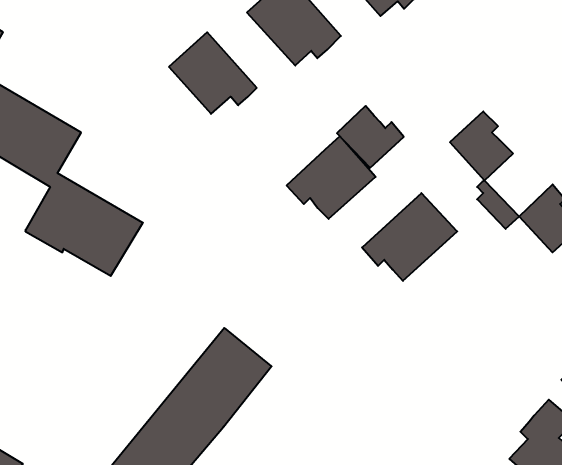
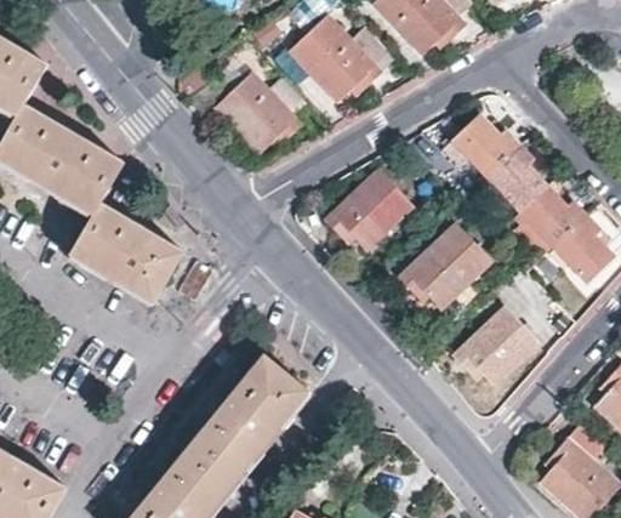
building: [337,106,404,168] -> [452,113,518,173]
building: none -> [519,184,586,246]
building: none -> [454,306,537,385]

